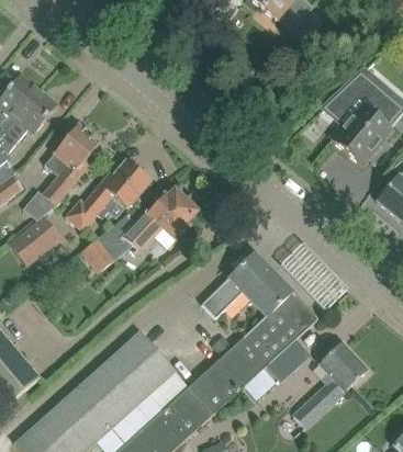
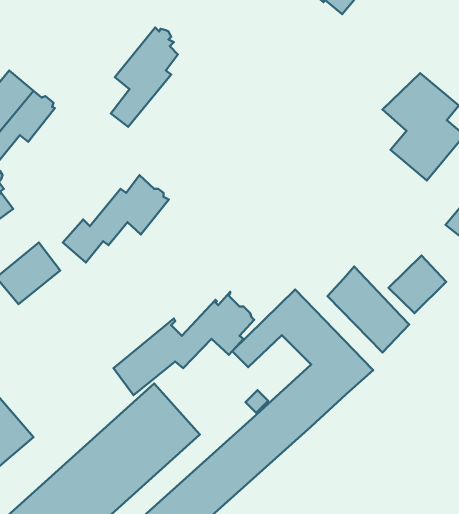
building: [42,124,97,205] -> [111,28,178,127]
building: [81,188,197,272] -> [113,292,254,395]
building: none -> [388,256,446,313]
building: [267,339,311,381] -> none
building: [293,342,368,429] -> none

